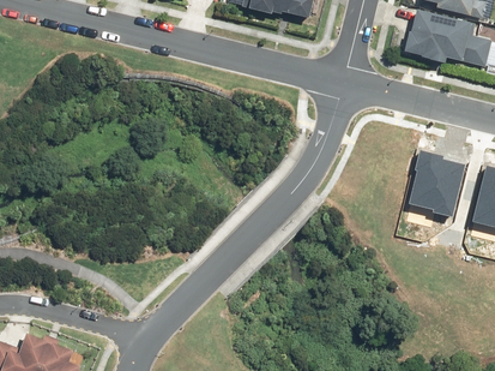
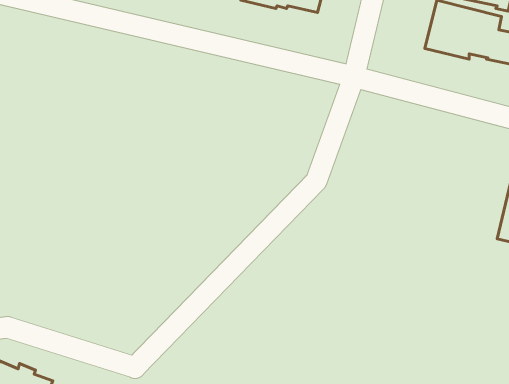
building: [405,150,461,216] -> none

